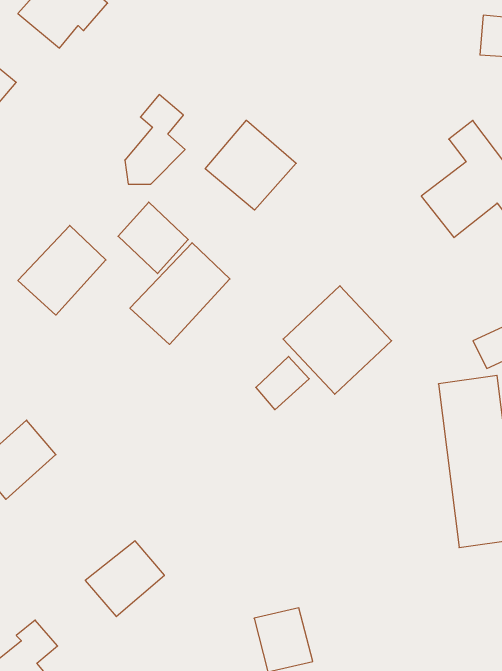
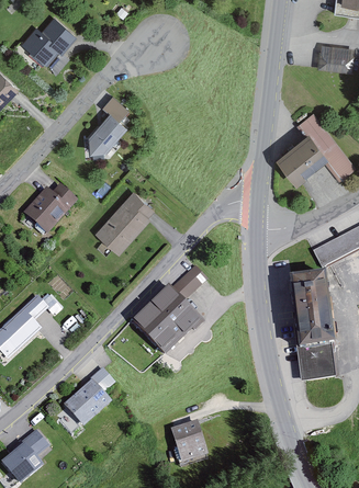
building: [205,120,296,210] -> none
building: [118,202,188,274] -> none
building: [283,286,392,394] -> [134,286,203,355]

